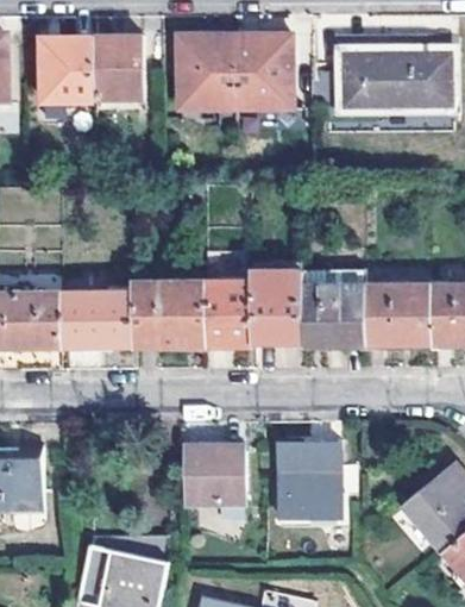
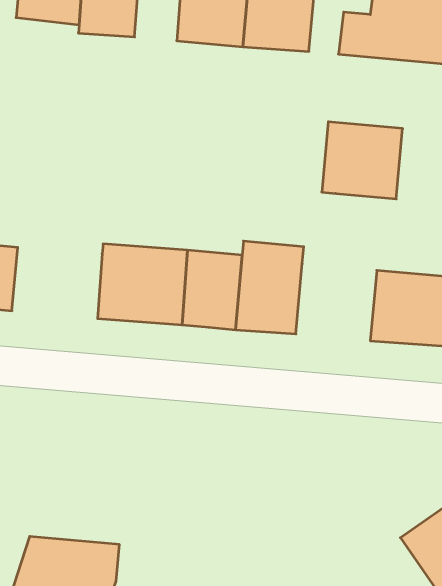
building: [301,284,364,344] -> [322,122,403,199]
building: [61,292,133,346] -> none
building: [278,445,337,519] -> none
building: [183,446,243,505] -> none

